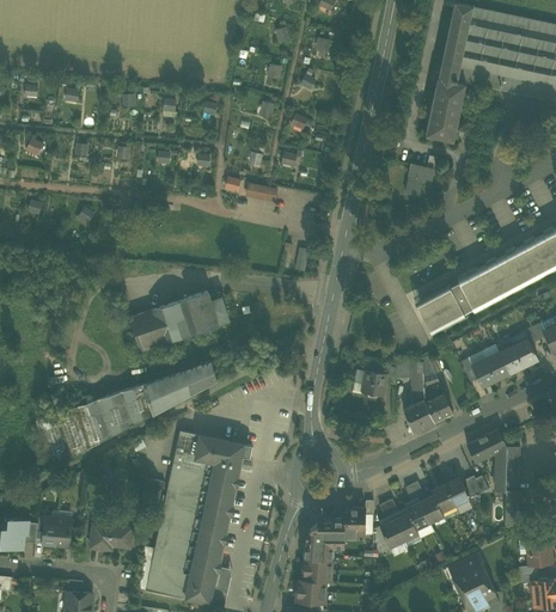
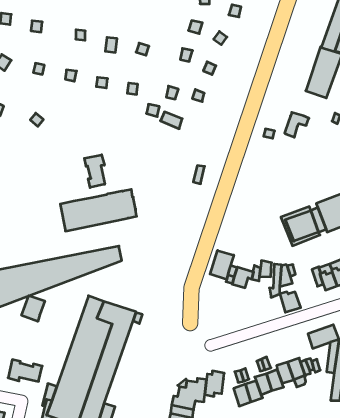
building: none -> [84,155,105,188]
building: none -> [210,250,234,279]
building: [403,398,434,432] -> none
building: none -> [22,296,45,321]

